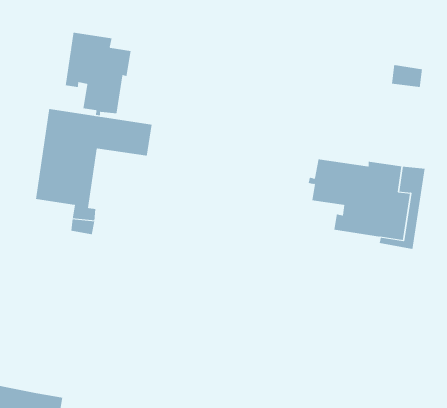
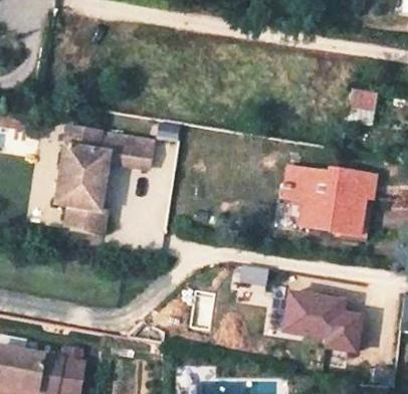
building: [65,32,131,116] -> none
building: none -> [280,289,366,351]

